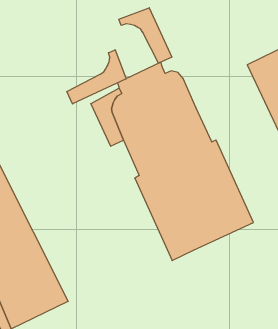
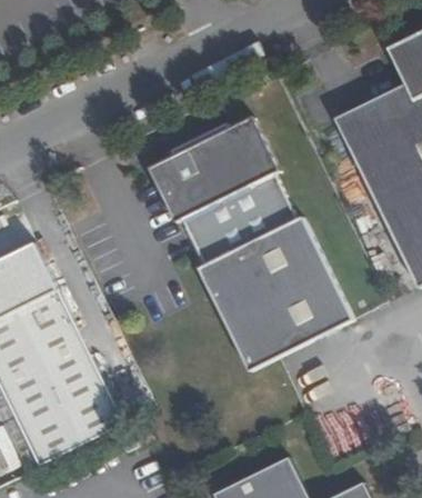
building: [119,8,172,63] -> none
building: [67,50,126,104] -> none

